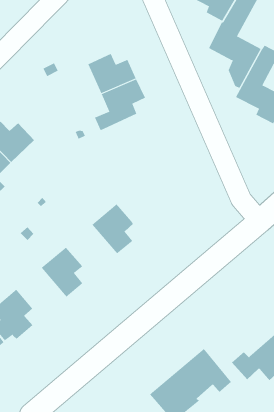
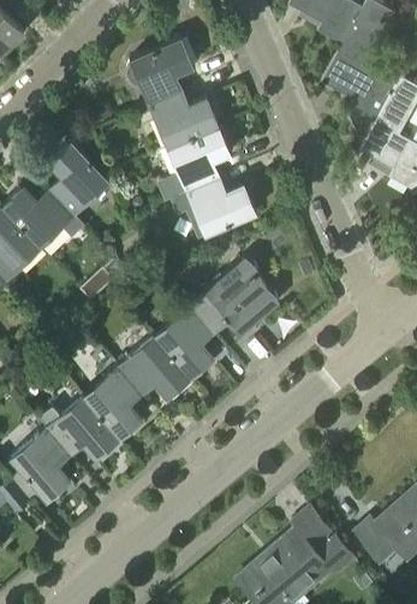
building: none -> [127,41,195,107]
building: none -> [48,144,108,215]
building: none -> [173,178,257,239]
building: none -> [191,260,280,337]
building: none -> [119,336,191,398]
building: none -> [48,397,119,458]

